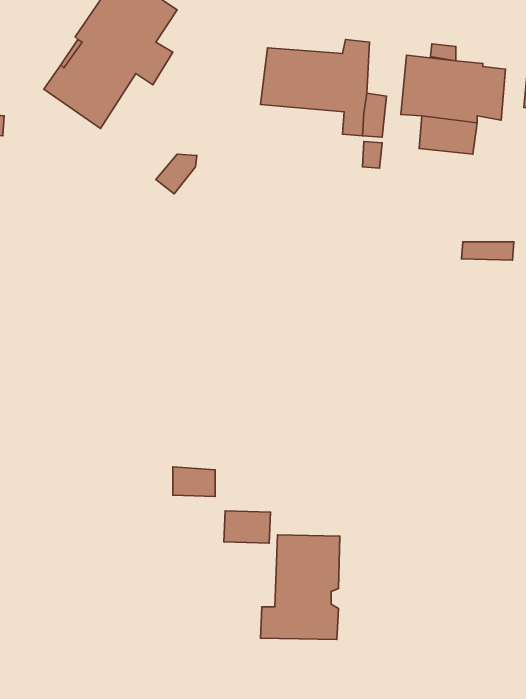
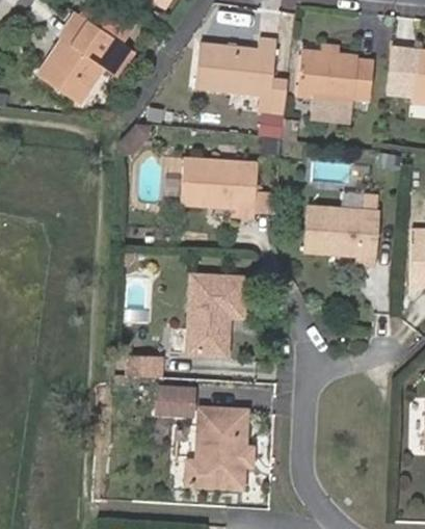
building: none -> [181,157,258,215]
building: none -> [304,205,379,264]
building: none -> [188,273,246,354]

